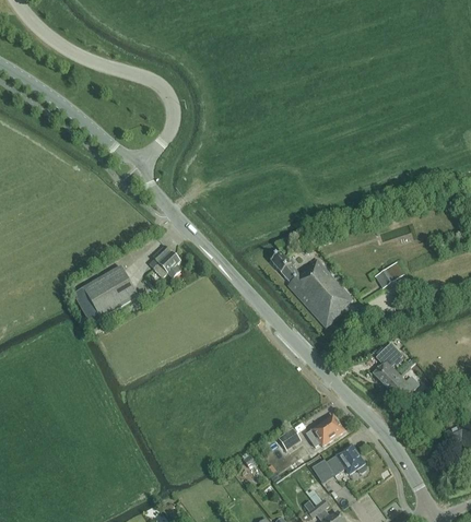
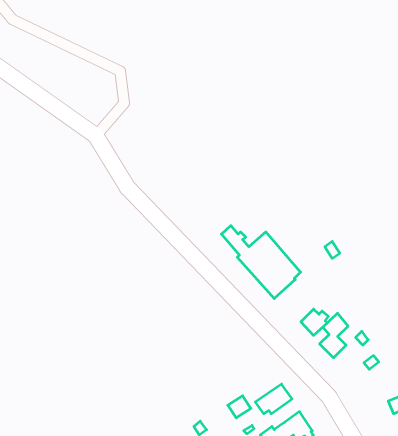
building: [149,245,179,277] -> none
building: [75,265,138,324] -> none
building: [386,375,414,402] -> [301,309,328,335]

